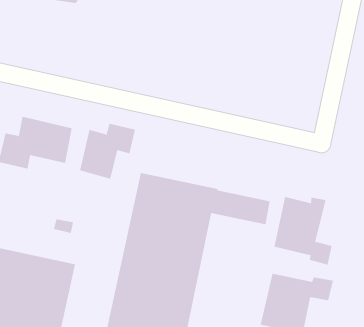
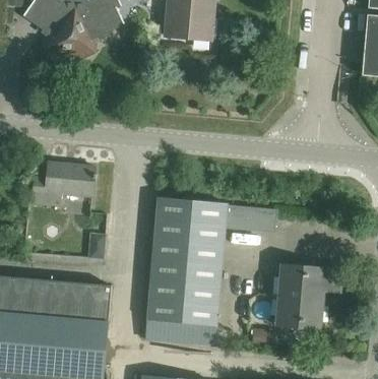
building: [79,123,136,180] -> none
building: [274,196,332,266] -> none

